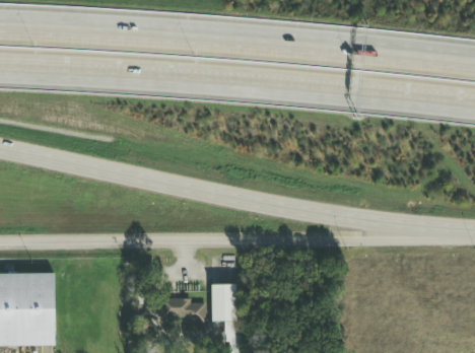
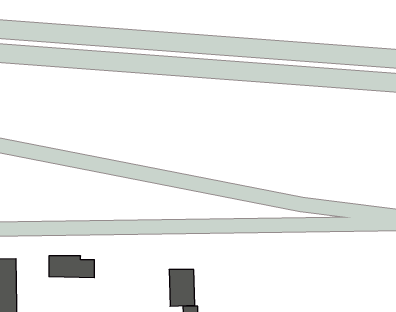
building: [158,298,205,321] -> [49,256,94,278]

